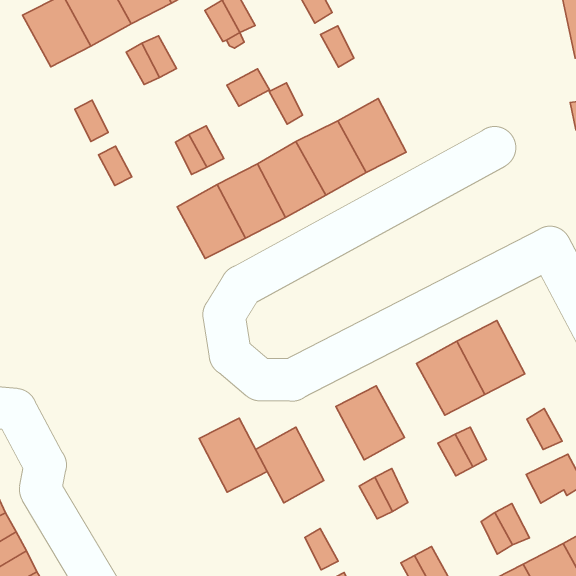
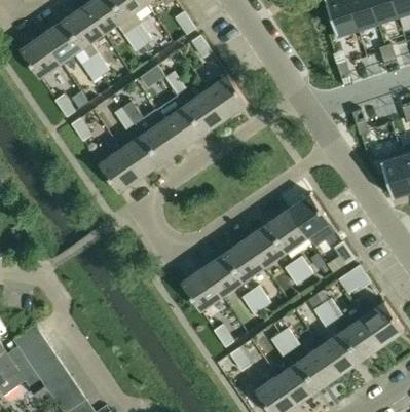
building: none -> [98,149,139,192]
building: none -> [245,223,286,266]
building: [199,418,267,492] -> [201,253,243,296]

